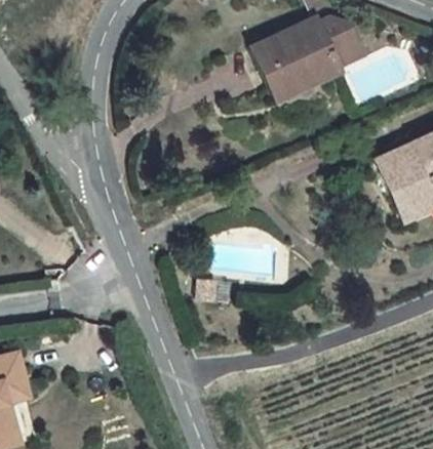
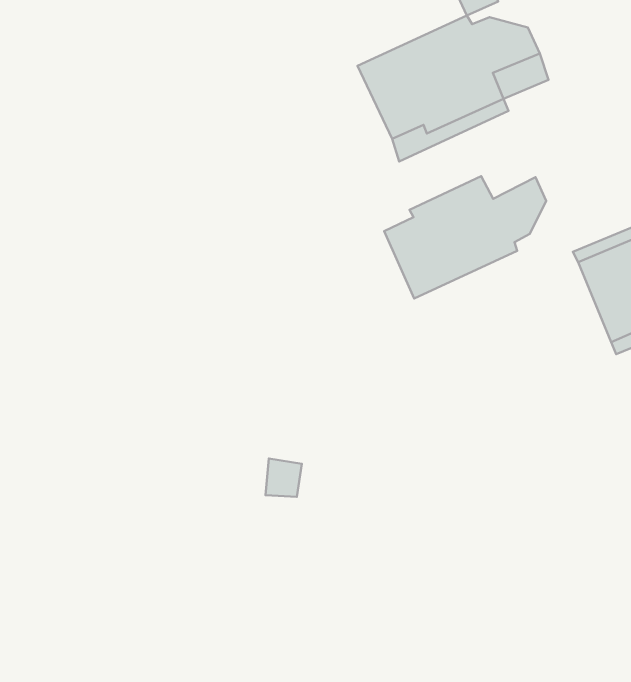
building: none -> [384,176,546,298]

